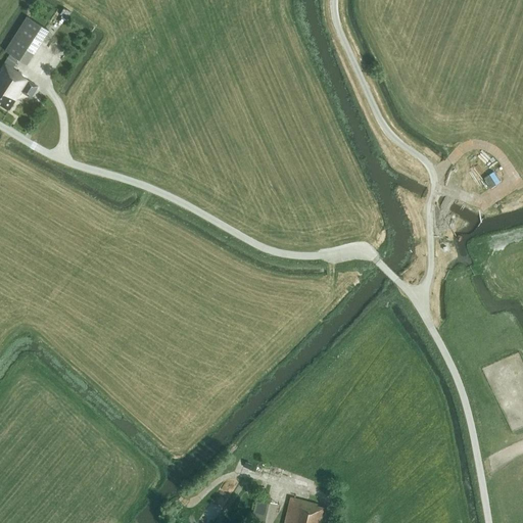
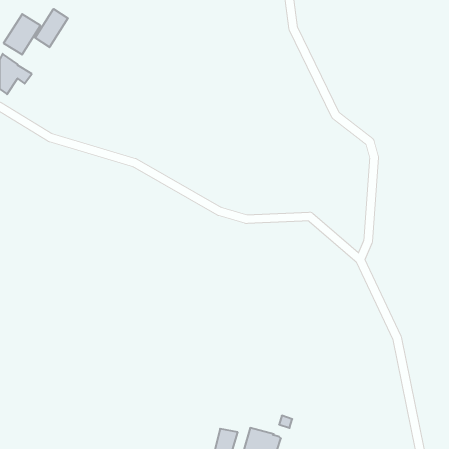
building: none -> [35,9,68,47]

